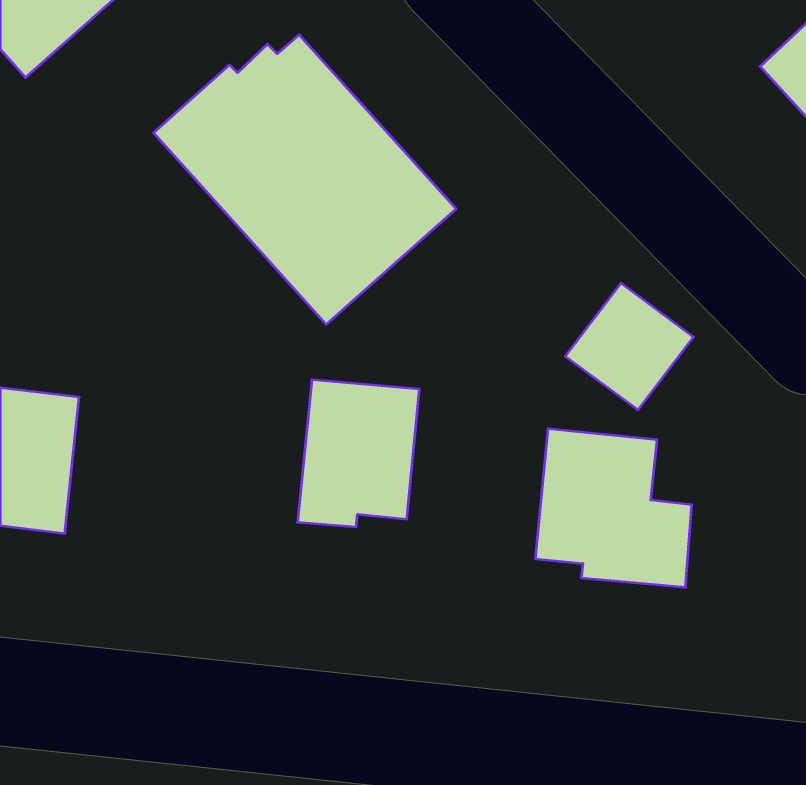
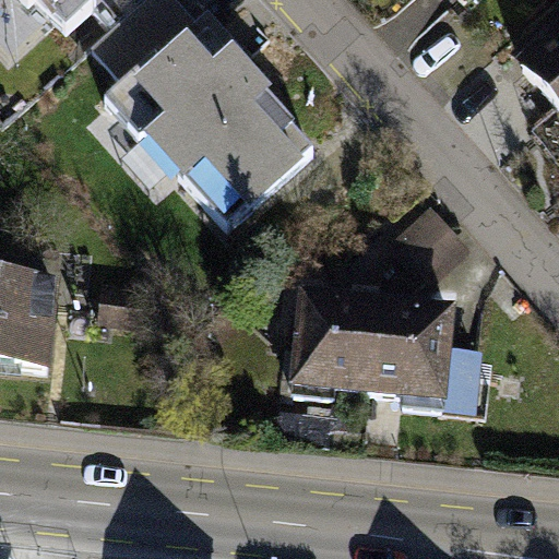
building: [297,380,419,527] -> [296,289,380,391]

